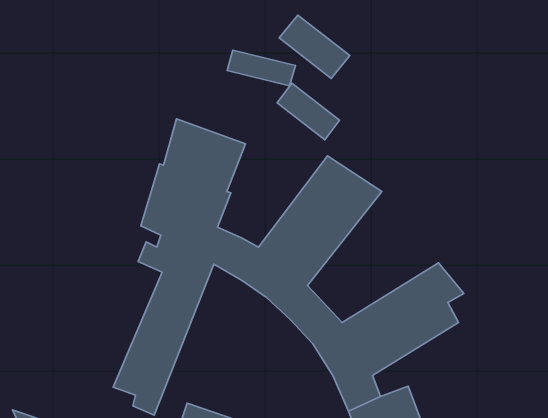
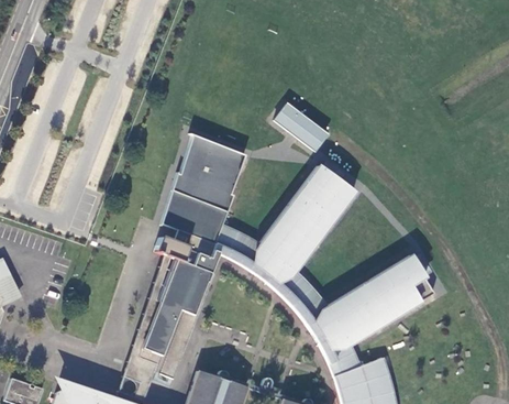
building: [279,15,350,78] -> none
building: [227,50,295,86] -> none

